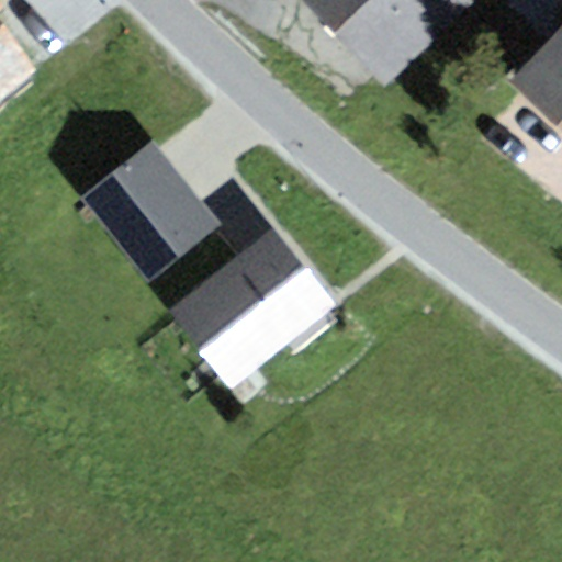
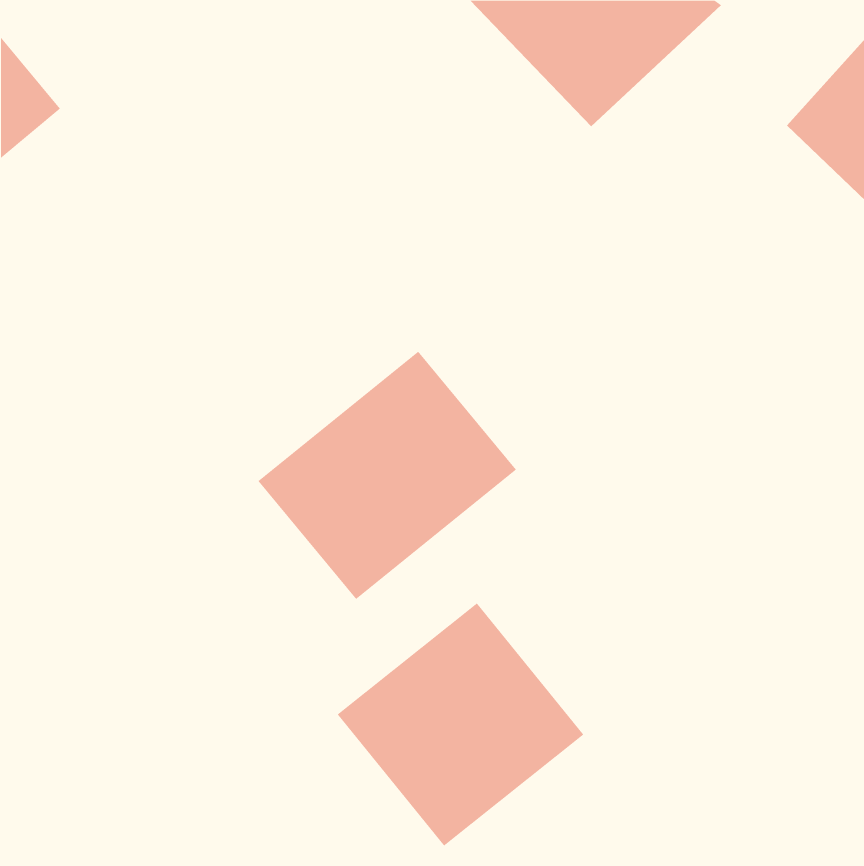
building: [81,140,222,282] -> none
building: none -> [337,602,584,846]

